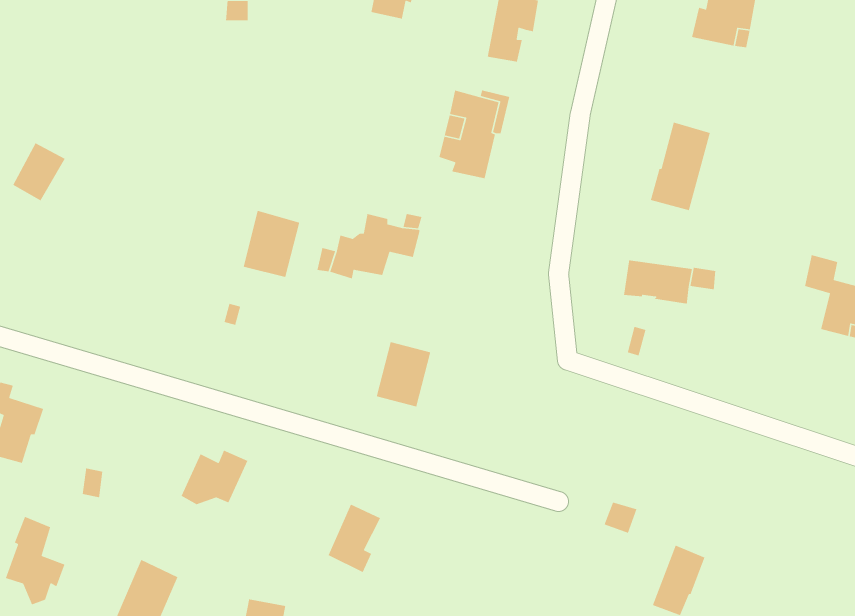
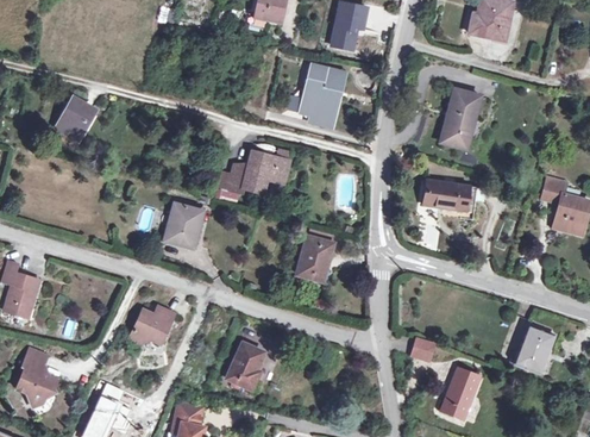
building: [12,142,66,201] -> [58,98,94,137]
building: [243,210,300,278] -> [165,202,203,248]
building: [376,341,431,407] -> [297,236,334,280]
building: none -> [514,323,559,372]

